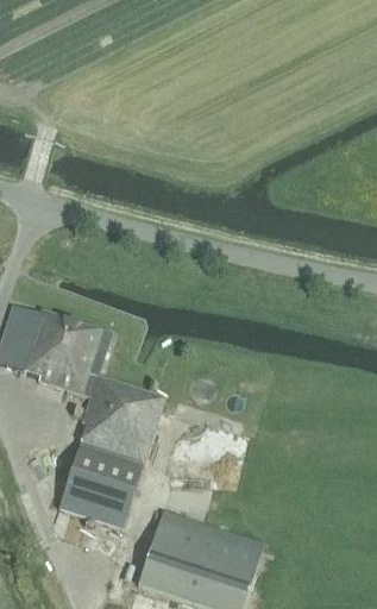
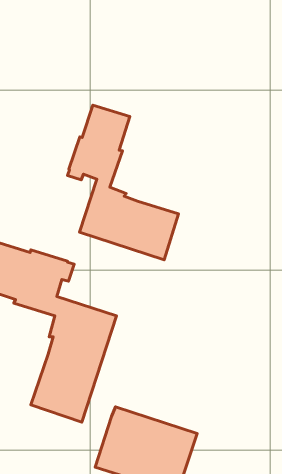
building: none -> [67,105,178,260]

